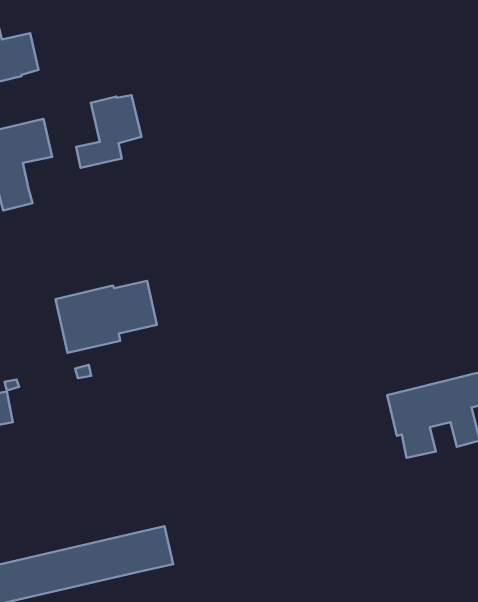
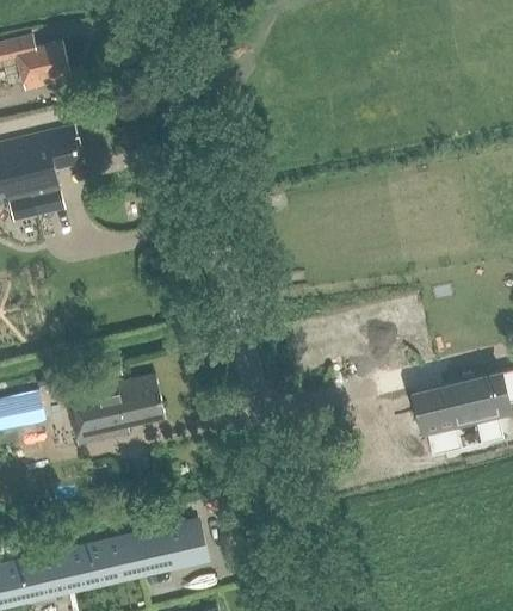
building: [76,95,142,168] -> none
building: [55,281,157,353] -> [66,375,165,445]

